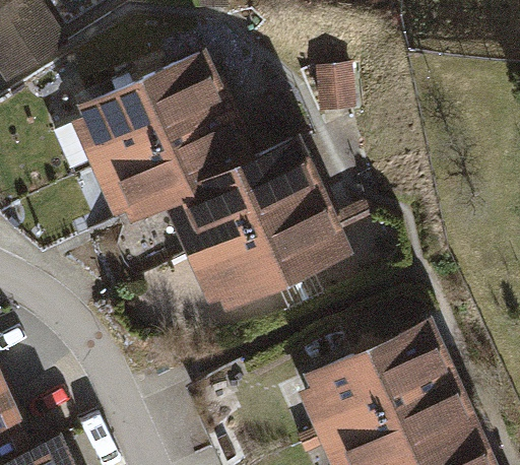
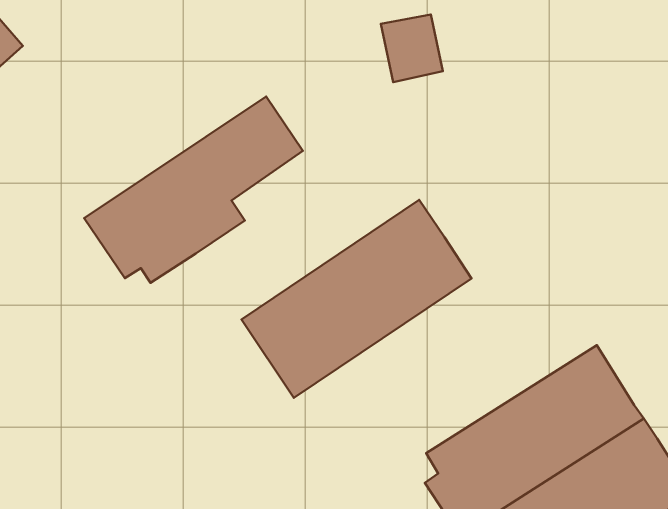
building: [68,49,231,174] -> none
building: [165,131,325,261] -> none

